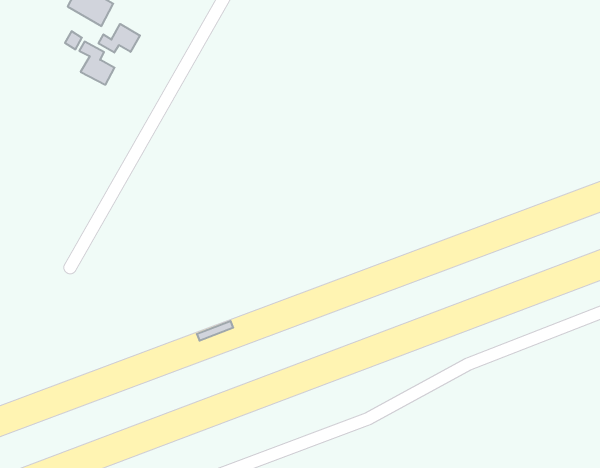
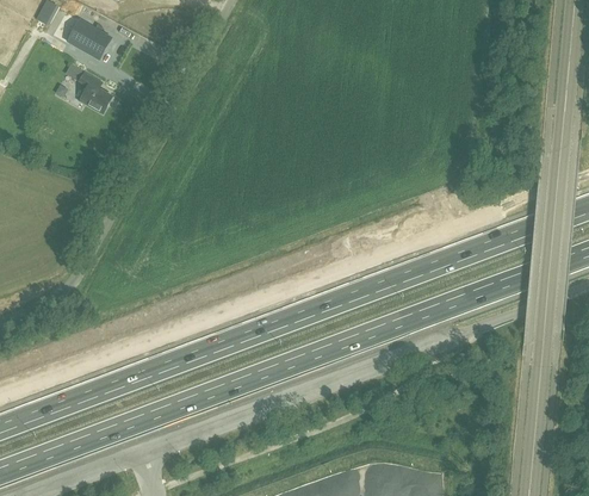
building: [99,24,140,53] -> none

